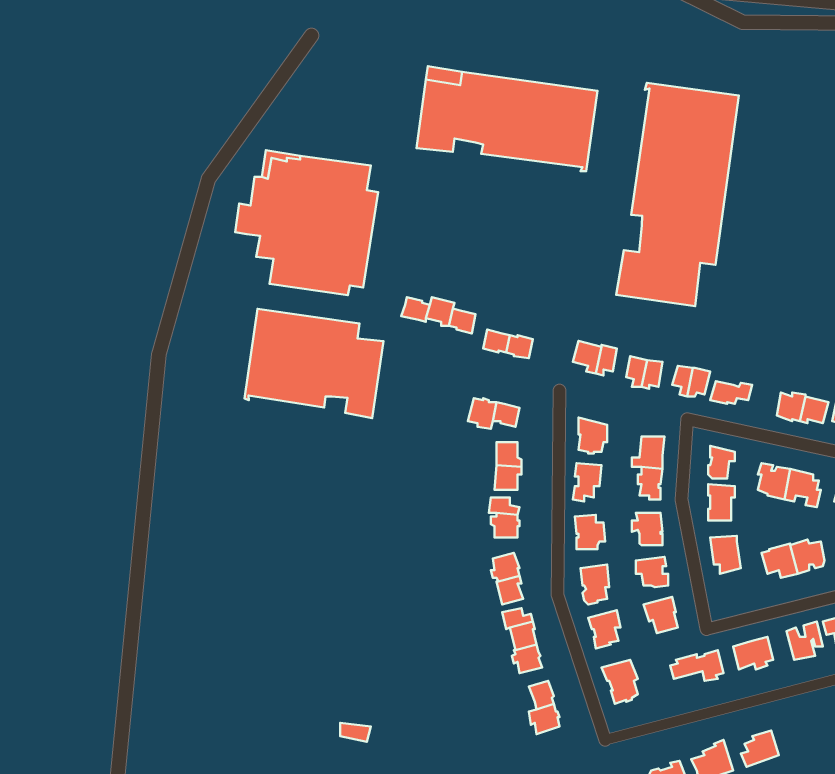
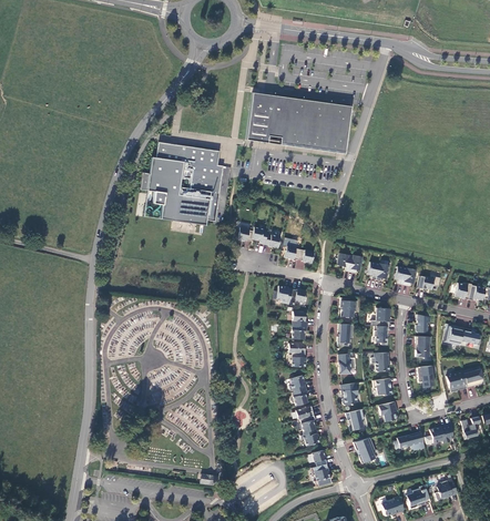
building: [616,83,739,306] -> none
building: [245,309,384,418] -> none

